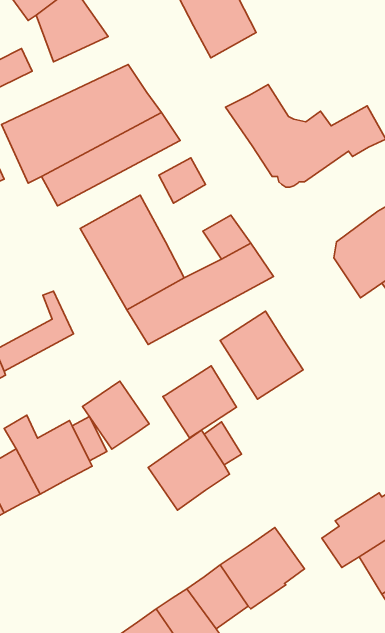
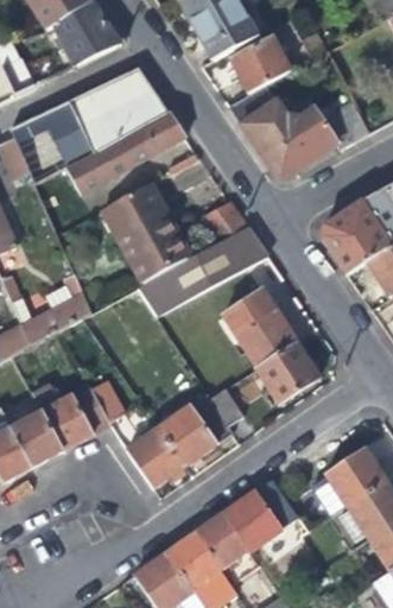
building: none -> [230,38,289,95]
building: [163,366,236,438] -> [253,340,318,404]
building: [82,381,149,449] -> [125,426,184,487]

